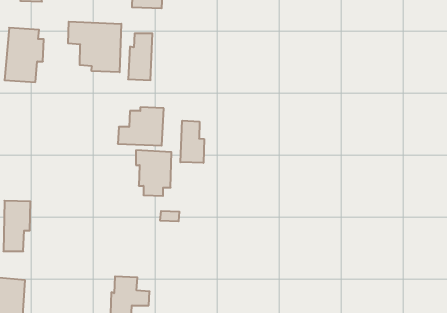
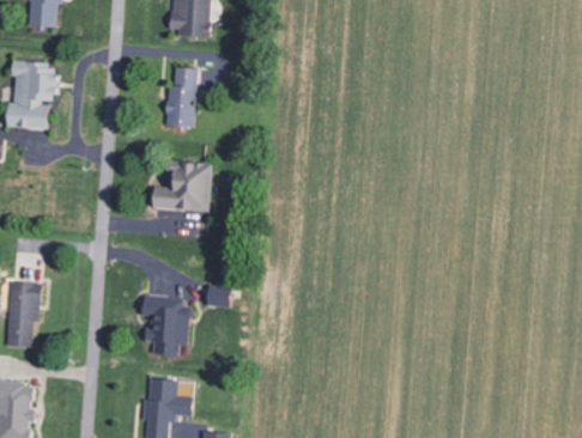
building: [68,22,121,72] -> none
building: [180,121,204,163] -> none
building: [136,150,171,196] -> [143,297,188,355]

